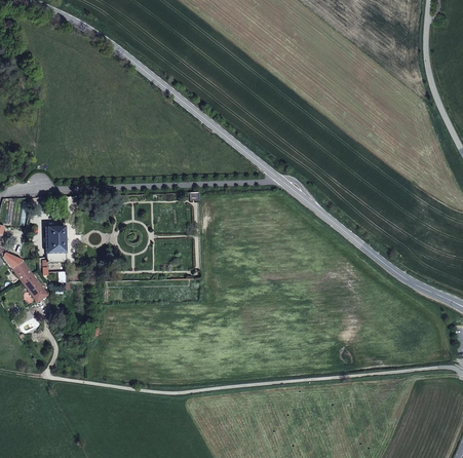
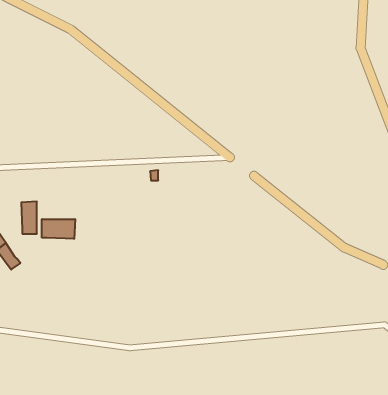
building: none -> [42,219,75,239]

